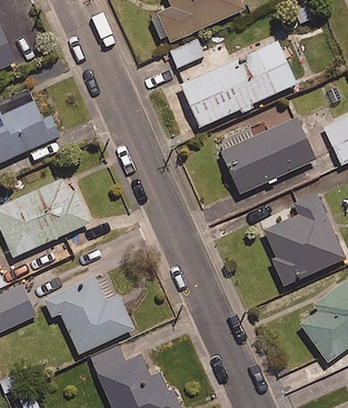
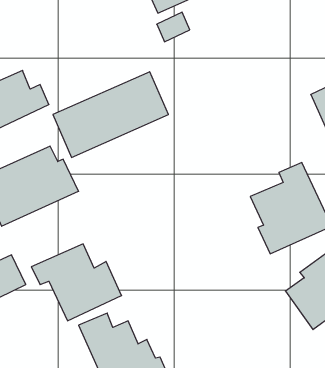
building: [180,40,297,127] -> [53,72,168,157]
building: [219,117,316,195] -> none

